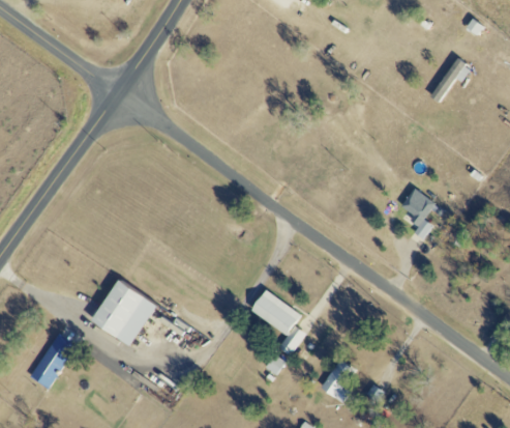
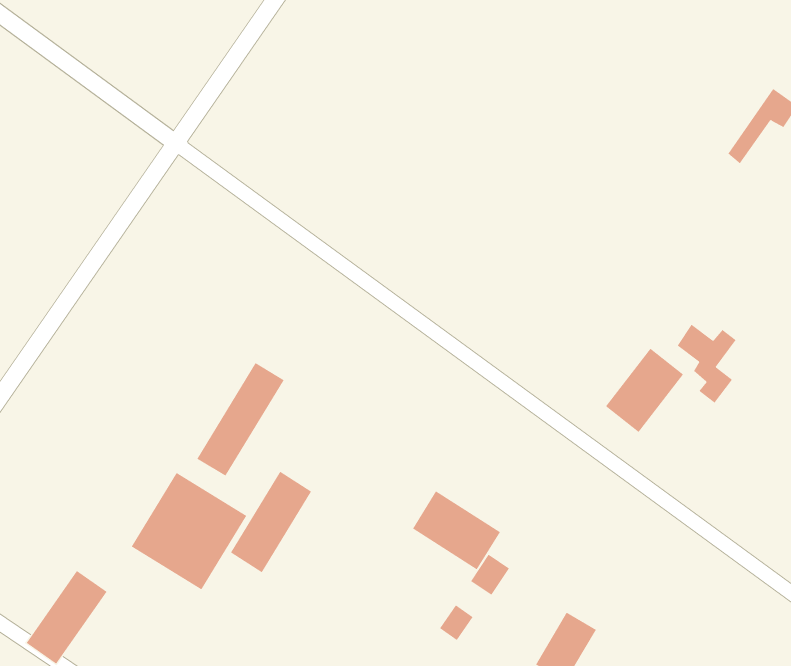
building: none -> [605,348,684,433]
building: none -> [197,362,285,476]
building: none -> [230,471,312,573]

